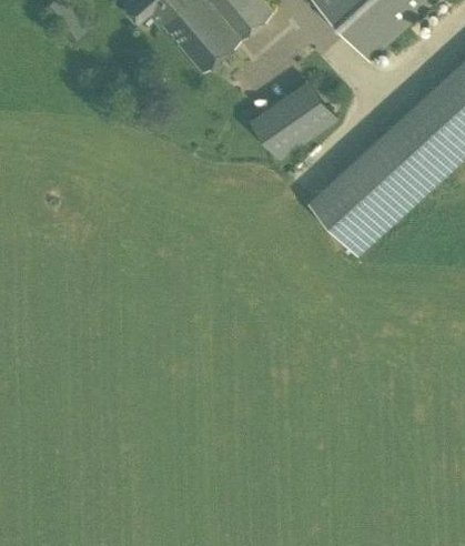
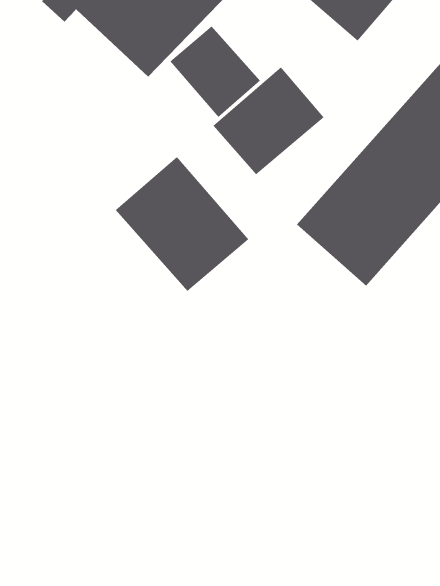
building: none -> [170,26,261,118]
building: none -> [115,156,249,292]

